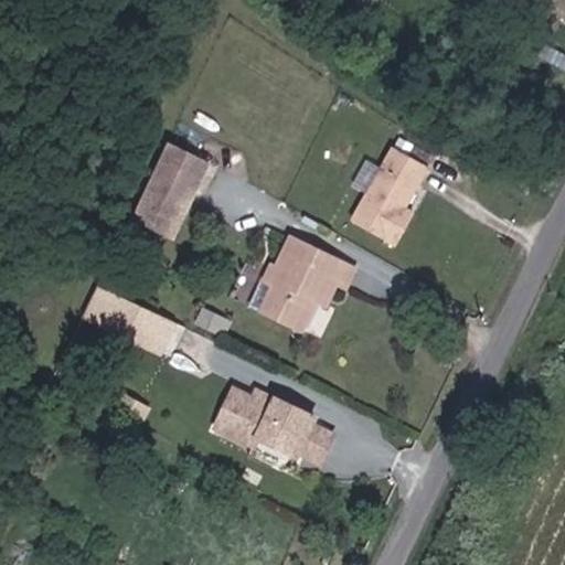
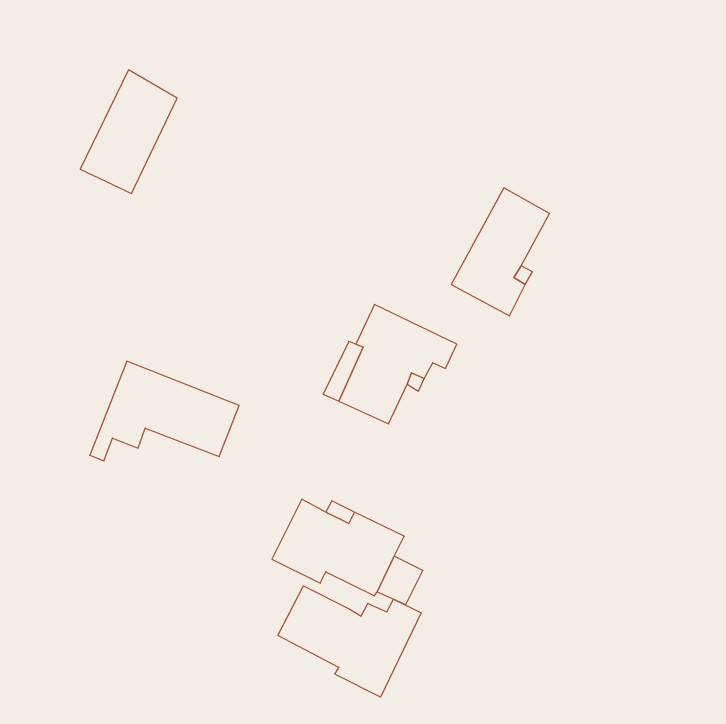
building: [132,138,207,234] -> [80,70,177,193]
building: none -> [278,586,421,697]

